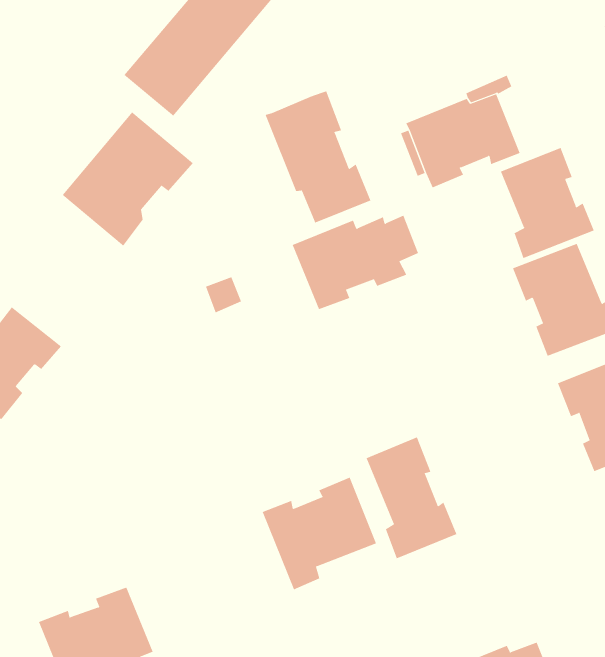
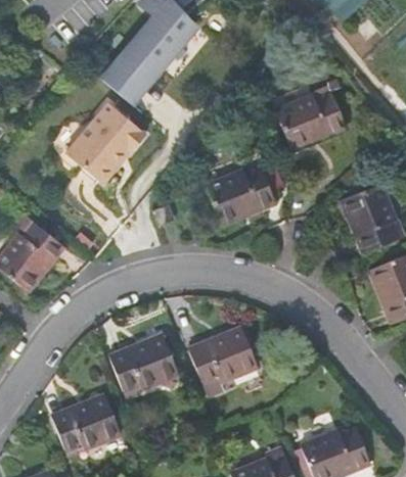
building: [265,91,371,224] -> none
building: [500,147,595,259] -> none
building: [366,437,457,559] -> none
building: none -> [108,333,178,389]

